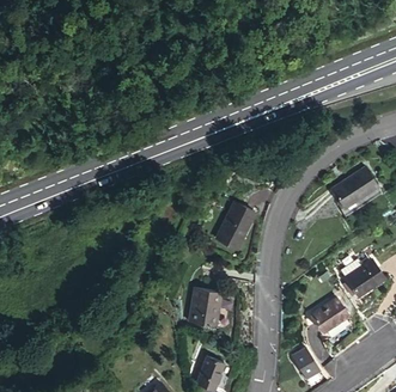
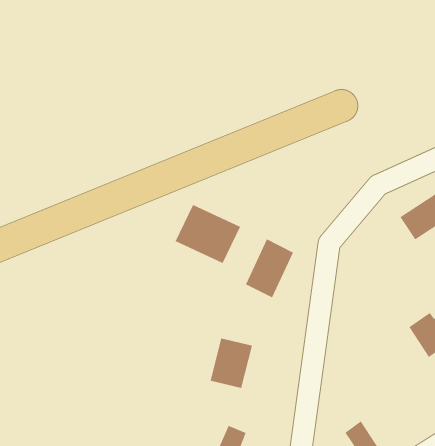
building: none -> [175,204,241,264]
building: [312,298,351,332] -> none

